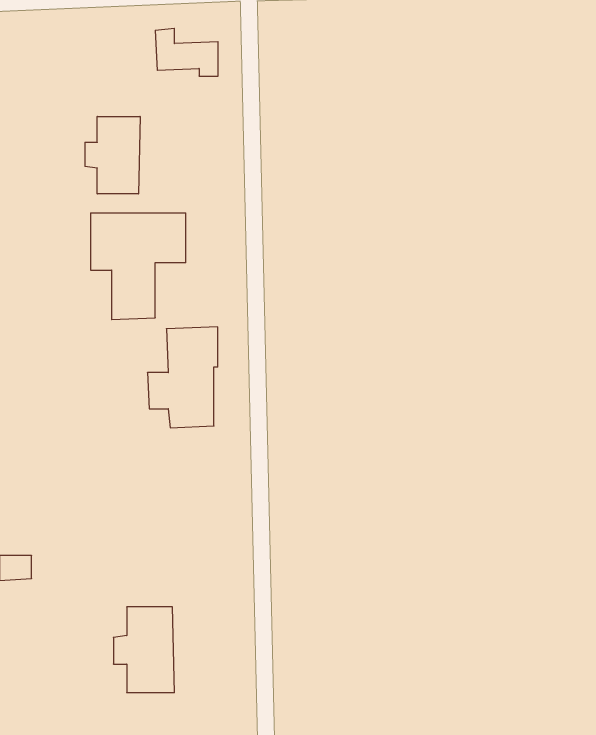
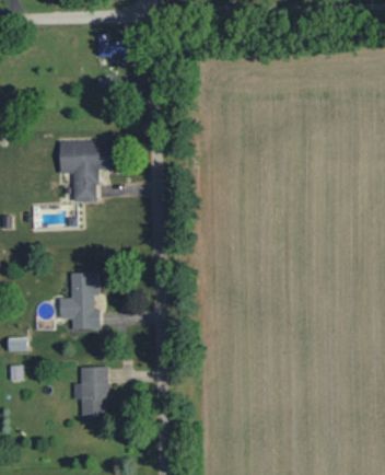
building: [85,116,140,194] -> none
building: [147,327,218,428] -> [59,271,100,329]

